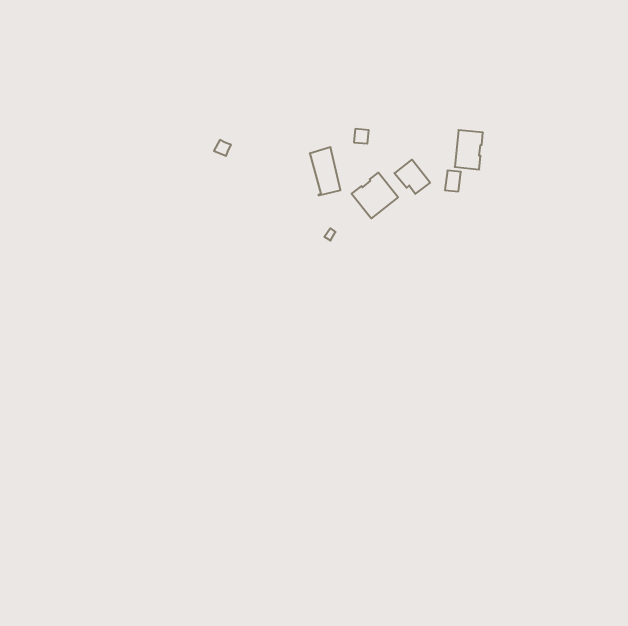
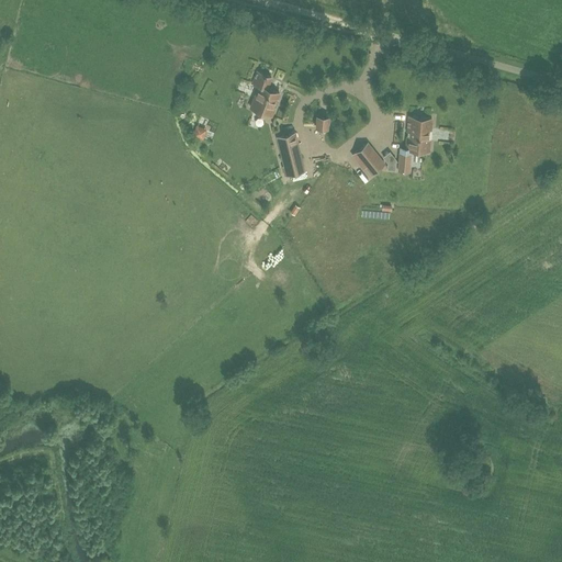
building: none -> [250,72,279,116]
building: [352,173,398,218] -> none

